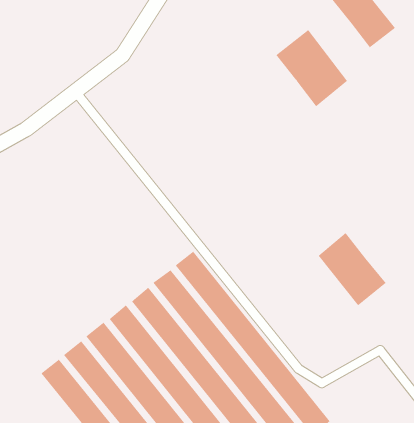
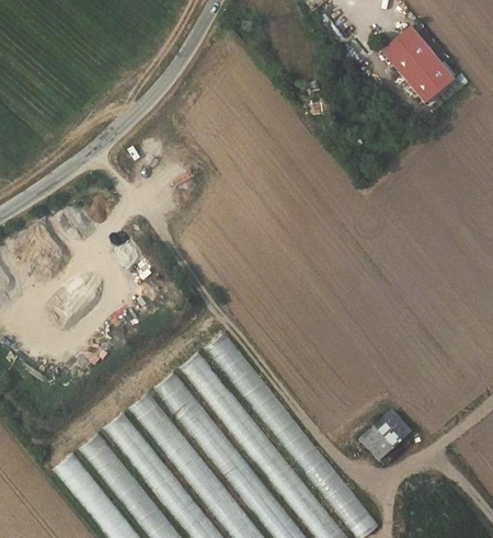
building: [275,29,348,107] -> none
building: [318,232,387,306] -> none
building: none -> [355,413,402,460]

